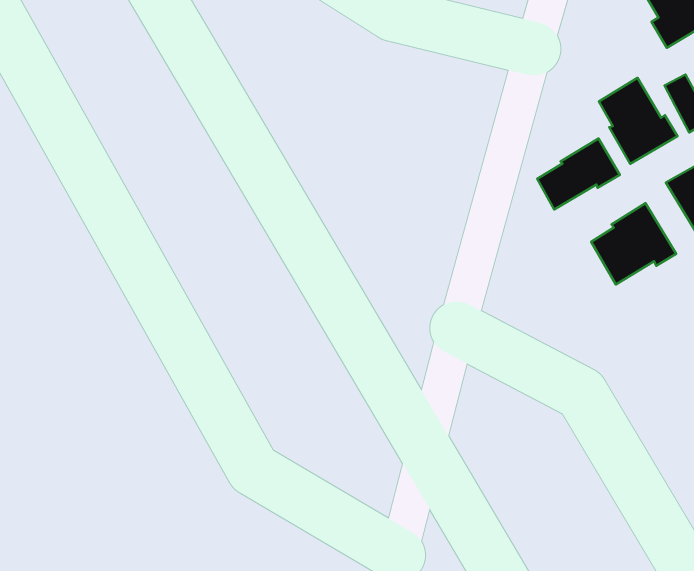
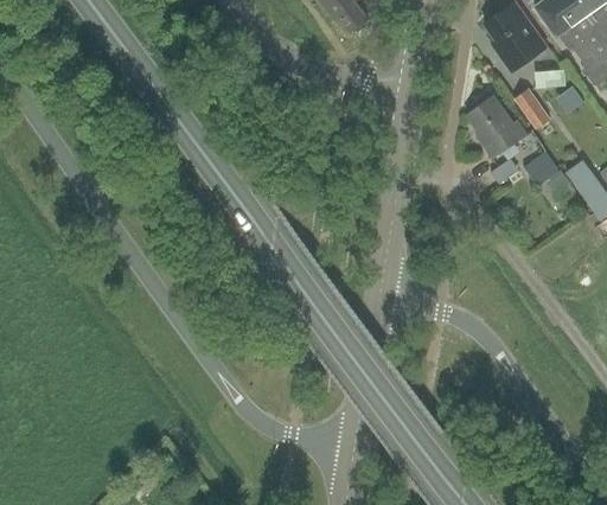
building: [537,139,620,209] -> none
building: [591,203,676,284] -> none

